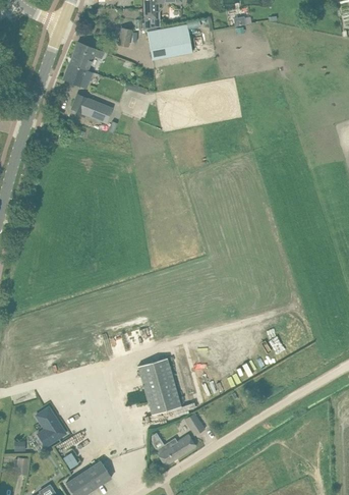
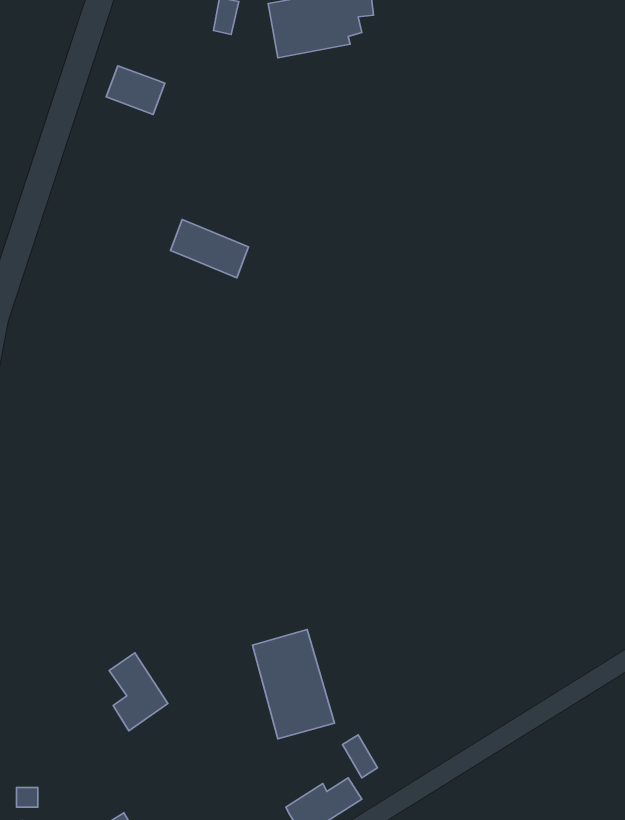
building: [68,41,104,70] -> none
building: [71,94,112,124] -> [171,219,249,278]
building: [35,406,65,447] -> [109,653,168,731]

